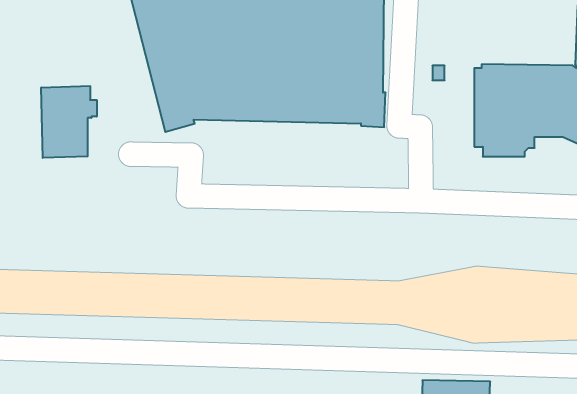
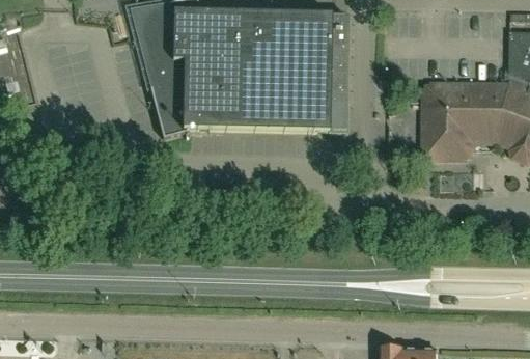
building: [41,86,97,158] -> none

